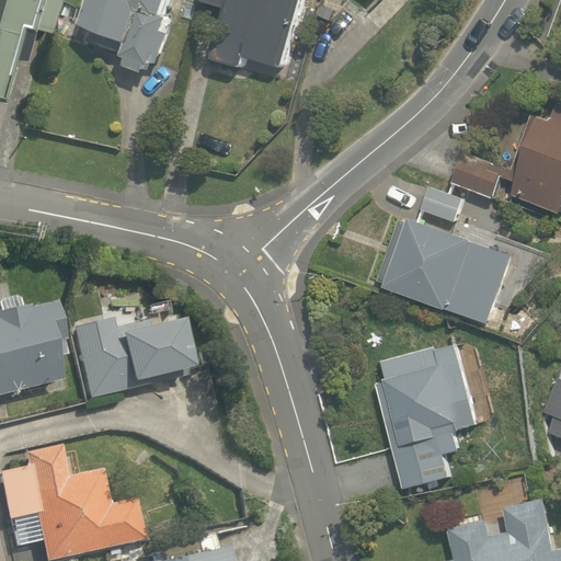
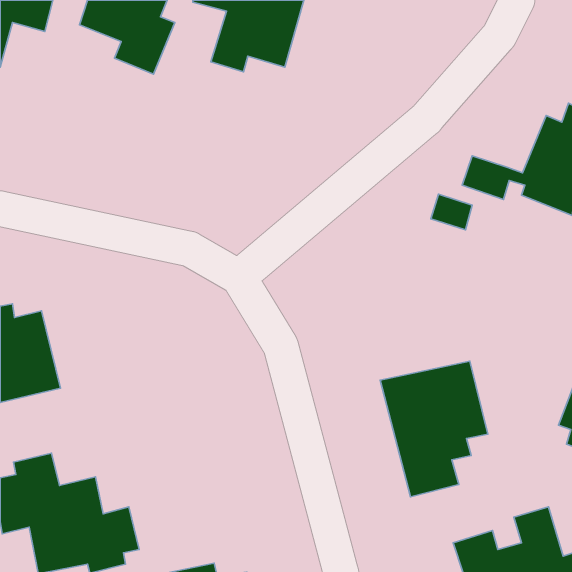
building: [380,214,514,321] -> none
building: [67,310,188,402] -> none

